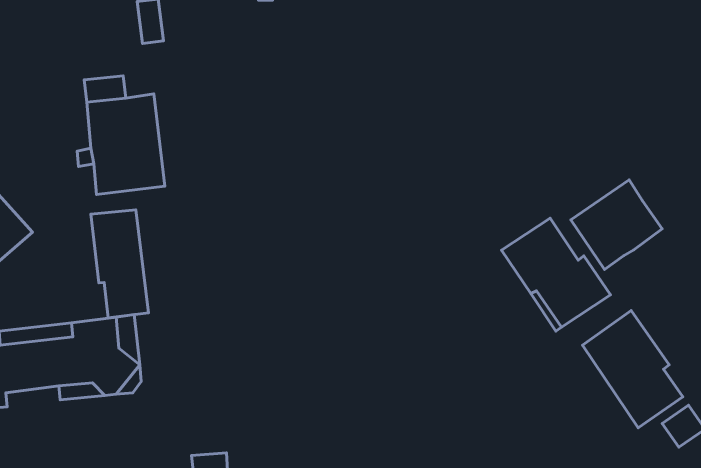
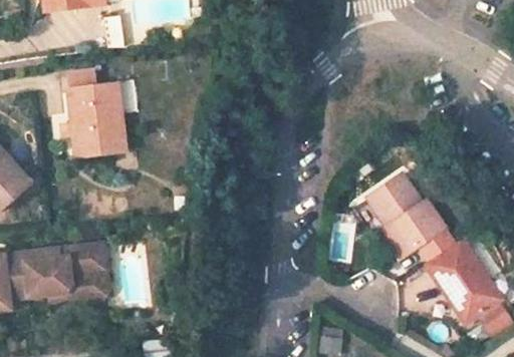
building: [571,180,662,270] -> none
building: [91,210,149,318] -> none

